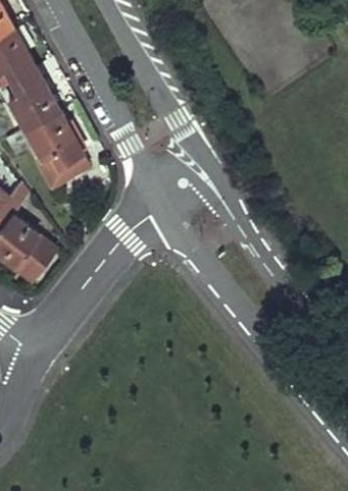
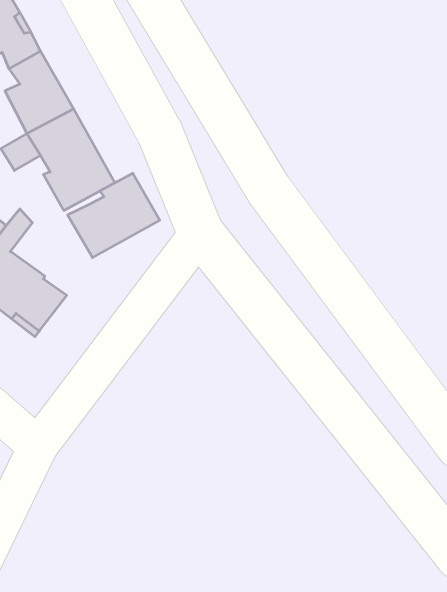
building: none -> [68,173,160,258]

